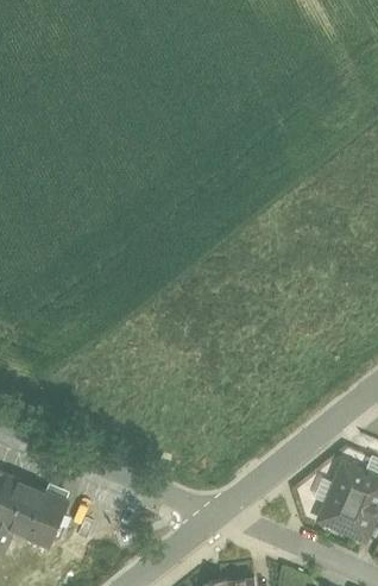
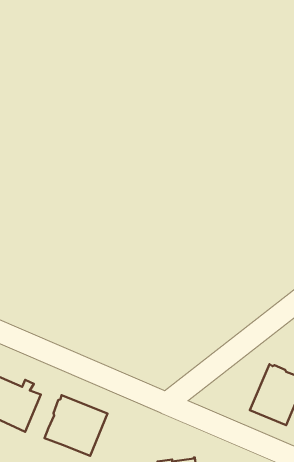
building: none -> [45,395,108,456]

